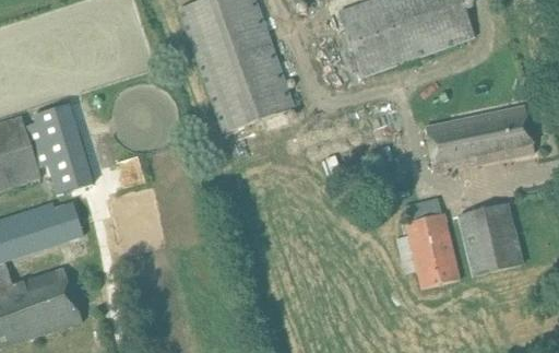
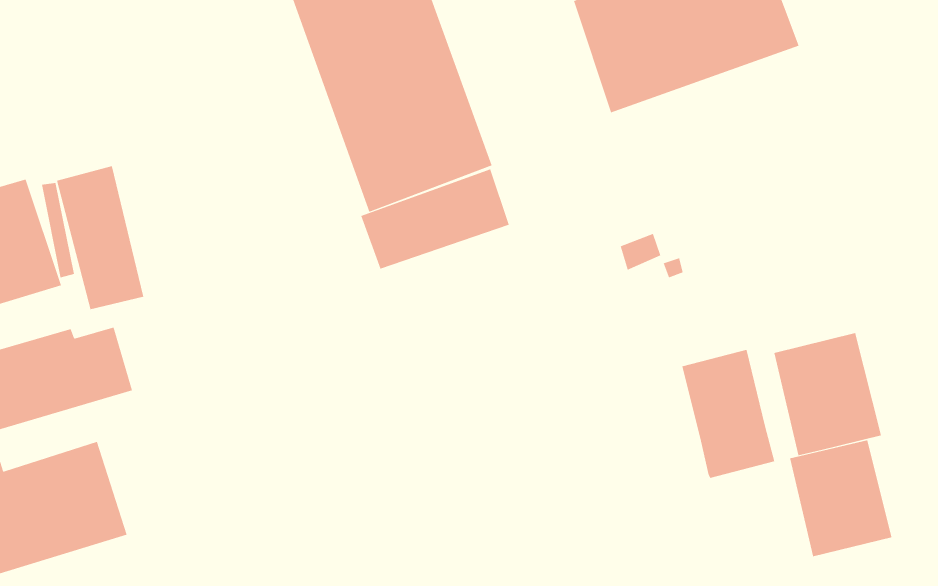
building: [424,106,533,174] -> none
building: none -> [360,168,510,270]
building: none -> [789,439,892,557]

